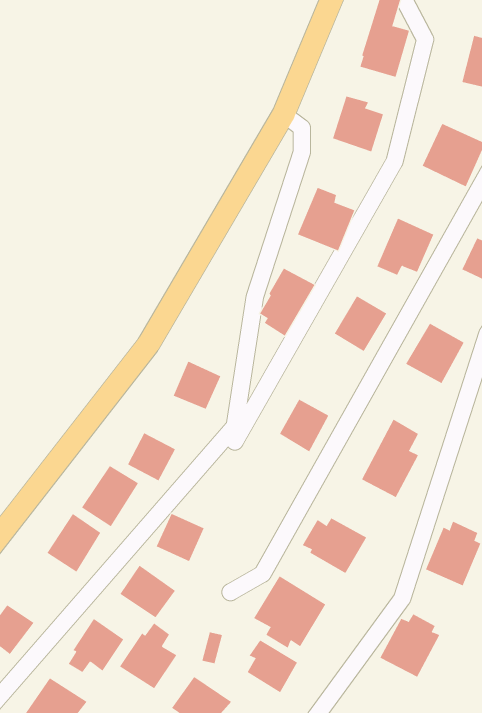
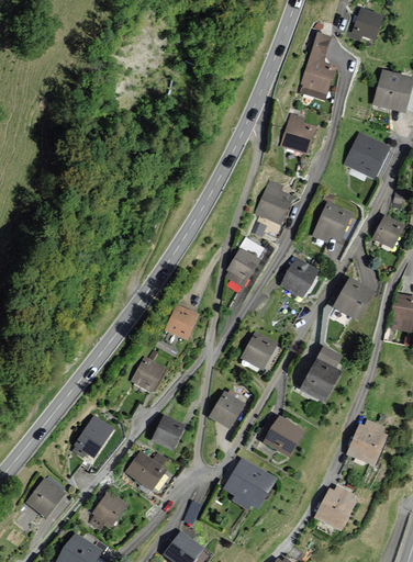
building: [81,465,139,527] -> none
building: none -> [209,392,244,428]
building: [119,622,177,689] -> none
building: [247,639,298,693] -> none

